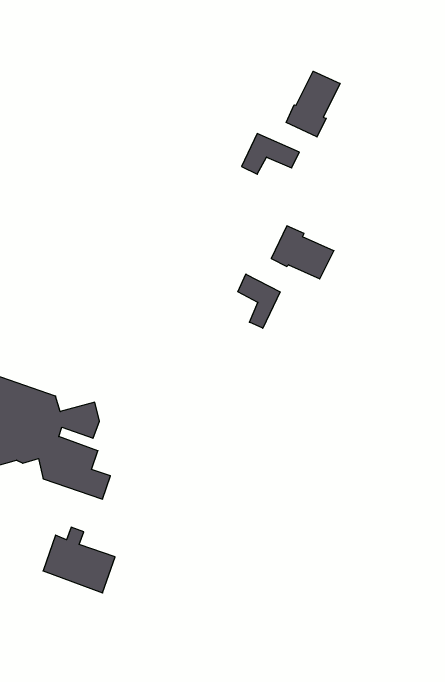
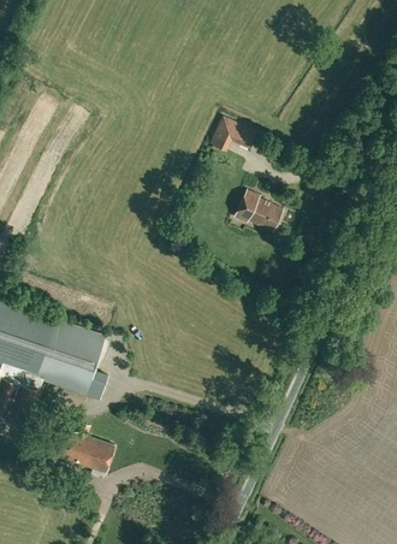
building: [286,71,340,137] -> none
building: [238,274,280,328] -> none

